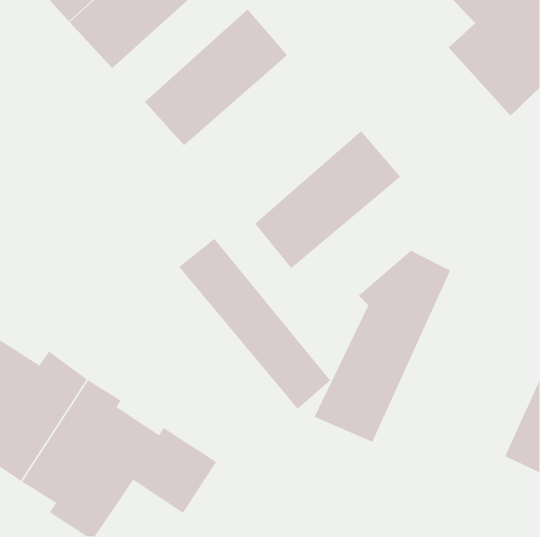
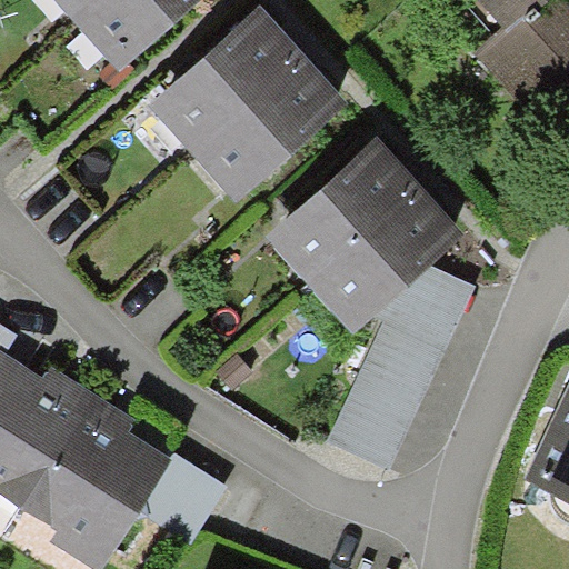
building: none -> [193,58,343,200]
building: none -> [306,186,463,332]
building: [178,238,331,410] -> none

